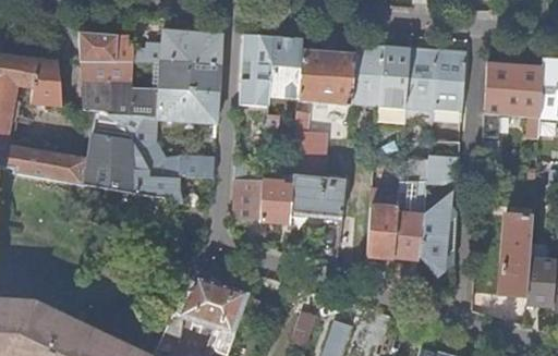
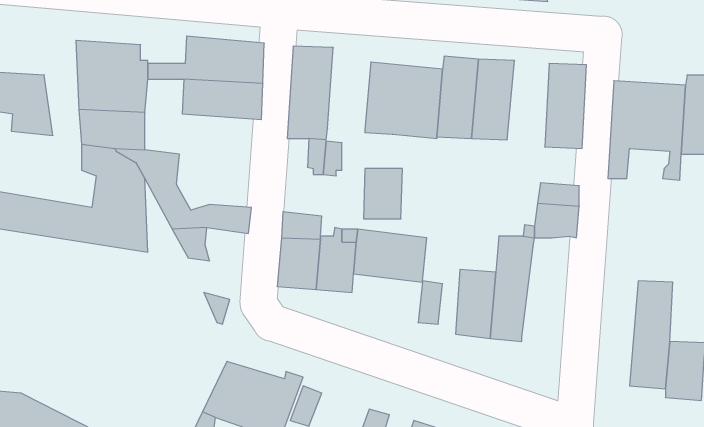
building: [269,38,302,100] -> none
building: [404,48,437,127] -> none
building: [157,88,219,123] -> none
building: [416,188,456,279] -> none

